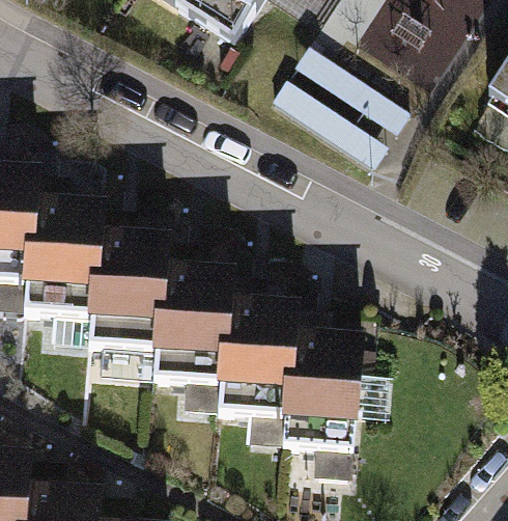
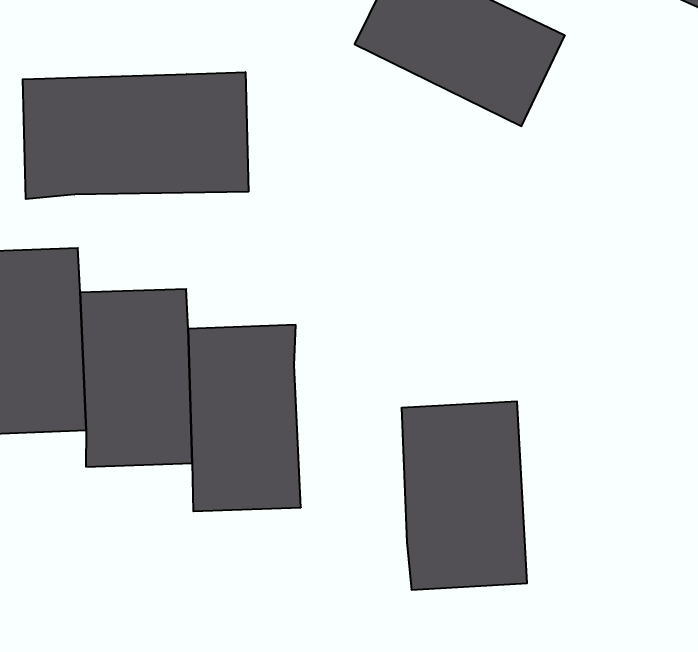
building: none -> [23,72,248,199]
building: [205,297,281,416] -> none

